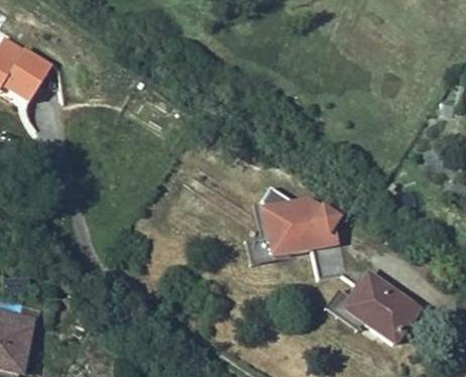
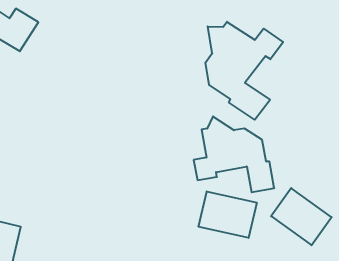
building: none -> [206,22,283,120]
building: none -> [199,191,257,238]

